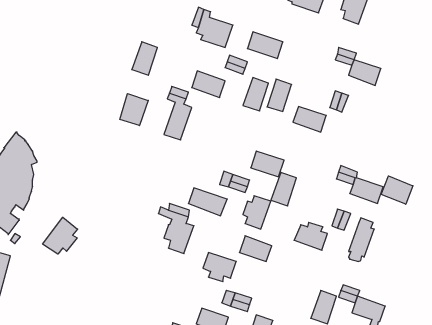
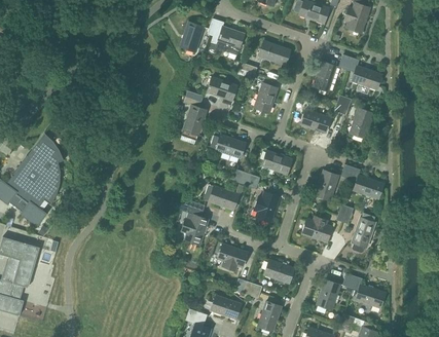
building: [132,42,157,75] -> [180,22,204,52]
building: [267,79,292,111] -> [314,62,336,91]
building: [120,94,148,126] -> none
building: none -> [350,108,373,139]
building: none -> [210,136,246,158]
building: [271,172,296,206] -> [315,171,338,201]
building: [381,176,413,204] -> none
building: [43,217,78,254] -> none
building: [239,236,272,261] -> [264,260,294,284]

